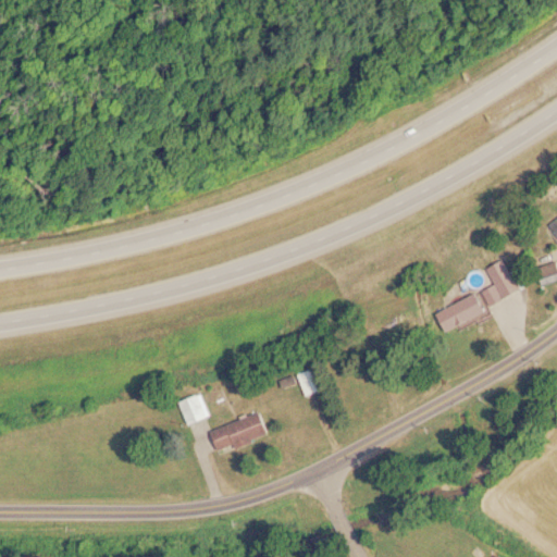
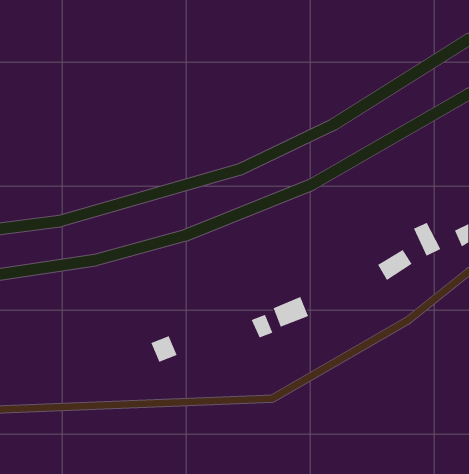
building: none -> [273,296,309,327]
building: [208,411,268,455] -> none

